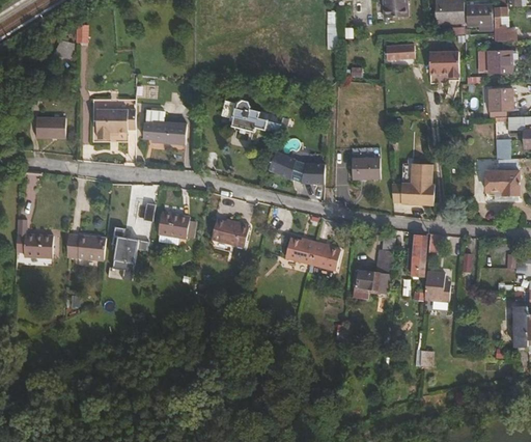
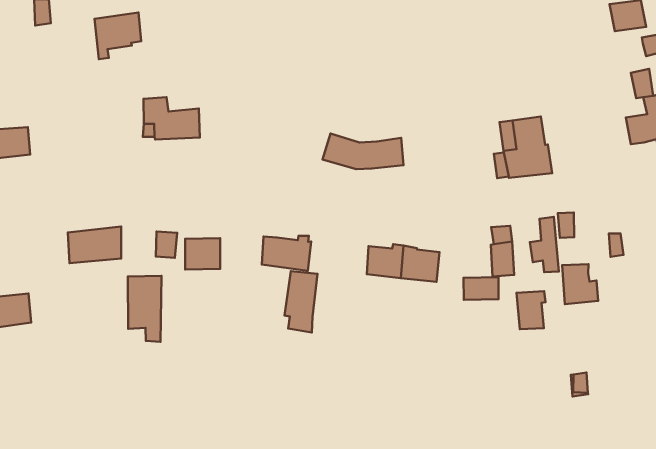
building: [231,106,281,133] -> none
building: [104,111,137,140] -> [94,13,141,59]
building: [351,159,379,181] -> none
building: [53,234,93,258] -> [68,226,121,263]
building: none -> [285,271,317,333]
building: none -> [517,291,545,329]

